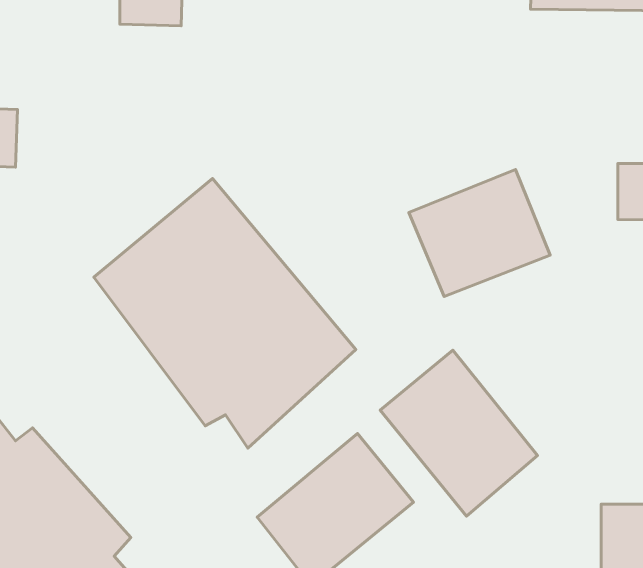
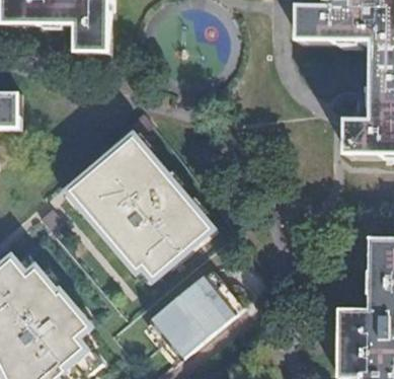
building: [409,170,550,296] -> none
building: [380,350,538,516] -> none

